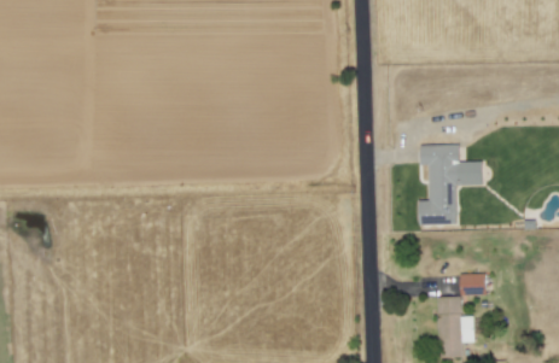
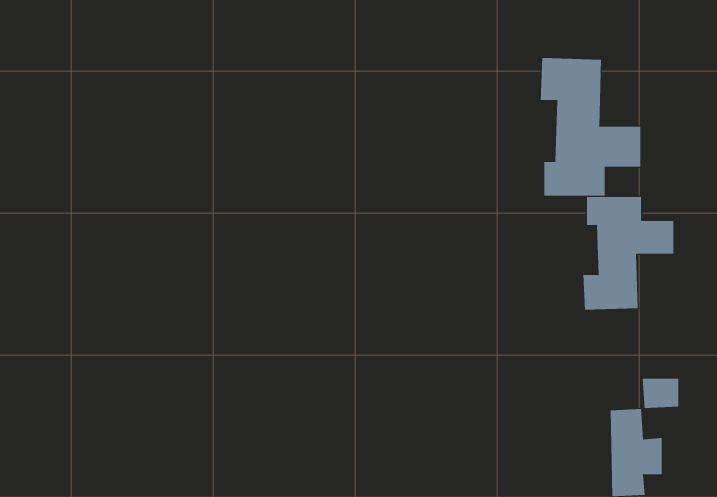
building: none -> [540,57,641,197]

